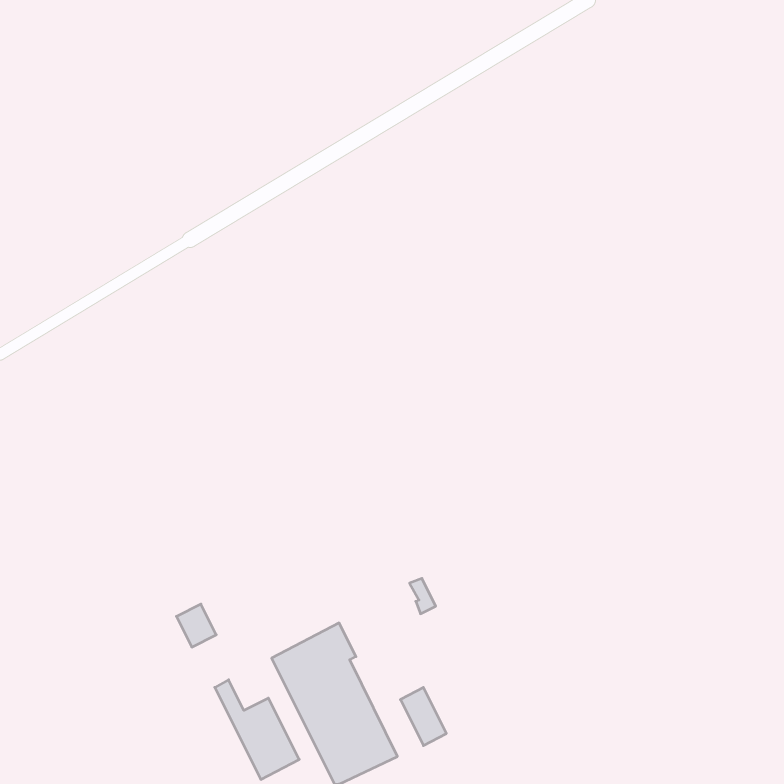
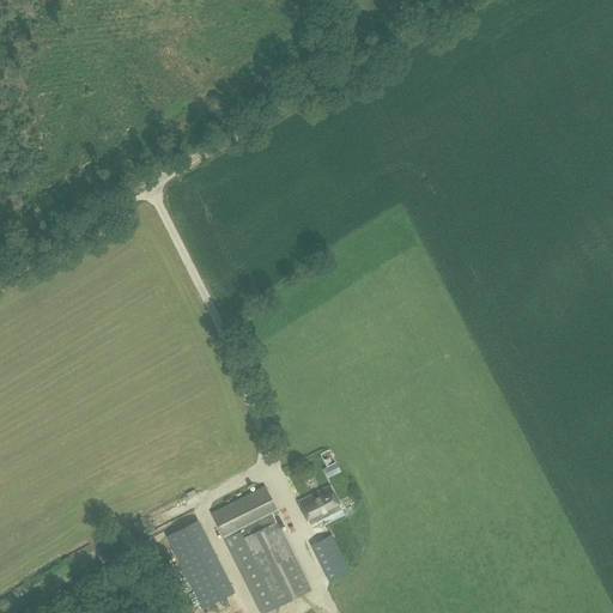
building: [176,604,216,647] -> [178,521,210,554]
building: none -> [298,485,341,524]

